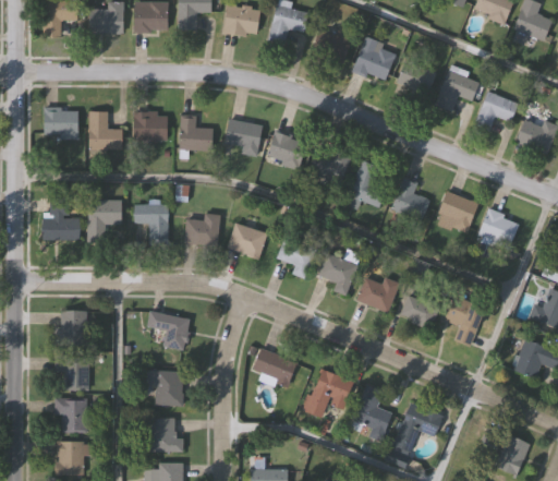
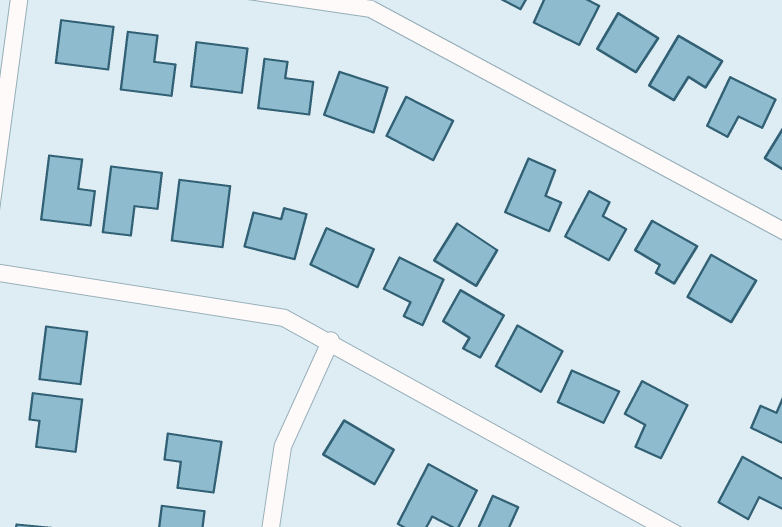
building: [310,147,350,187] -> [434,223,497,286]
building: [151,313,191,350] -> none
building: [58,399,86,432] -> none

